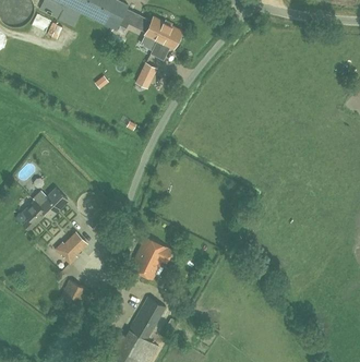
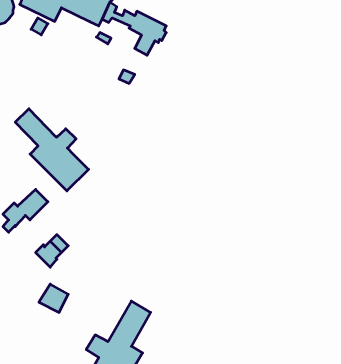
building: none -> [15,109,89,191]
building: [128,236,170,279] -> none

